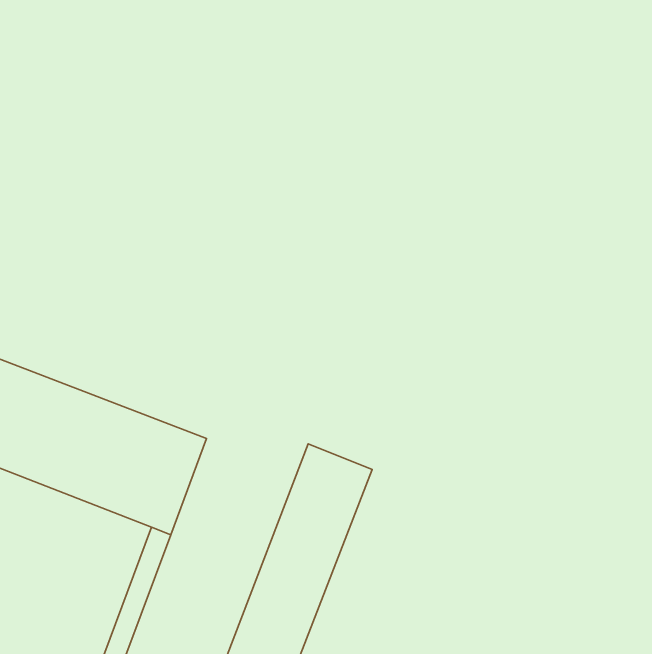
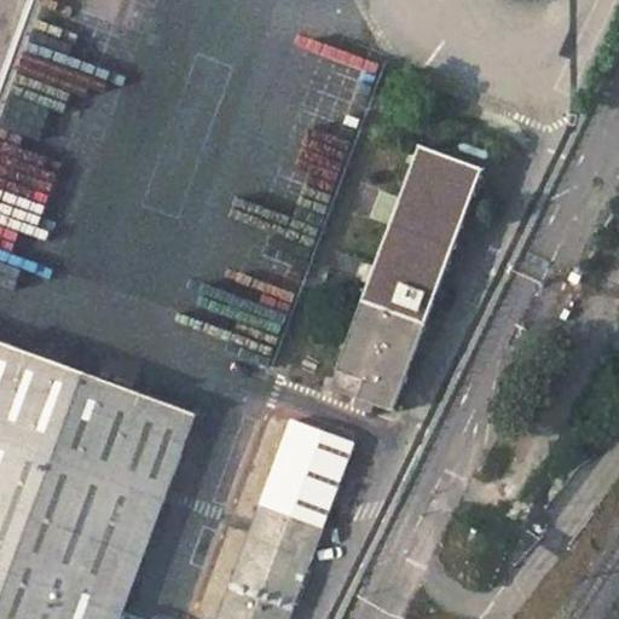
building: none -> [331,147,478,410]

